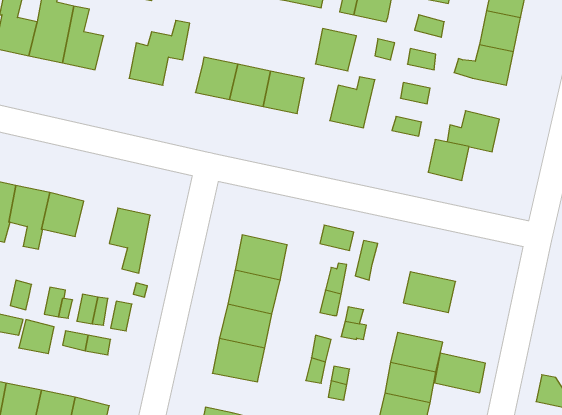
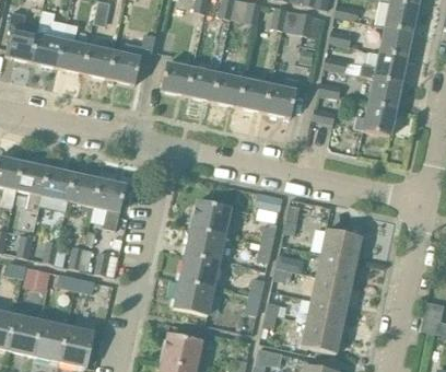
building: [315,29,356,71] -> [238,79,270,112]
building: none -> [82,46,114,79]
building: [428,140,469,180] -> [368,79,400,111]
building: none -> [67,174,99,217]
building: [435,353,485,393] -> [316,253,355,283]

